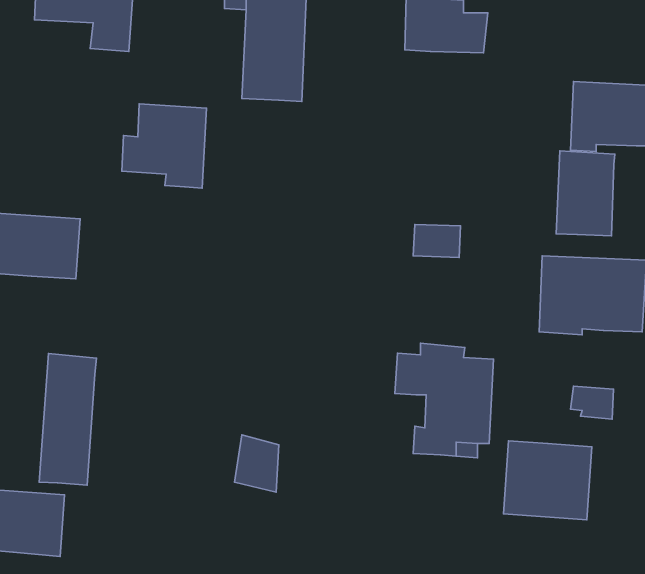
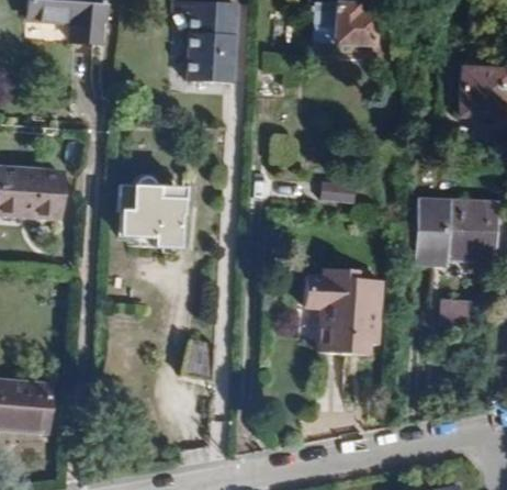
building: [122,104,206,188] -> [122,185,187,249]
building: [556,151,615,236] -> none
building: [39,353,96,485] -> none
building: [503,441,592,520] -> none

